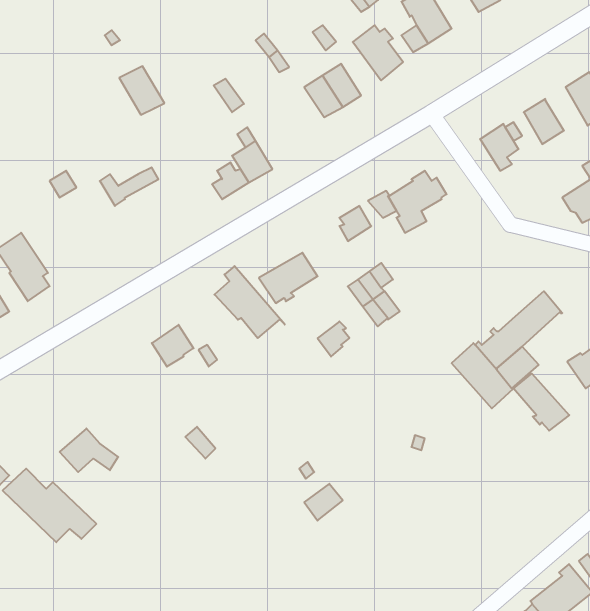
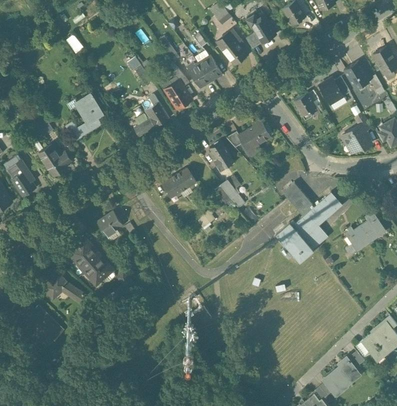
building: [119,66,164,115] -> [76,93,103,122]
building: none -> [165,81,192,109]
building: none -> [39,145,70,177]
building: [214,266,285,338] -> [72,240,114,283]
building: none -> [283,183,314,216]
building: [514,374,569,431] -> none

